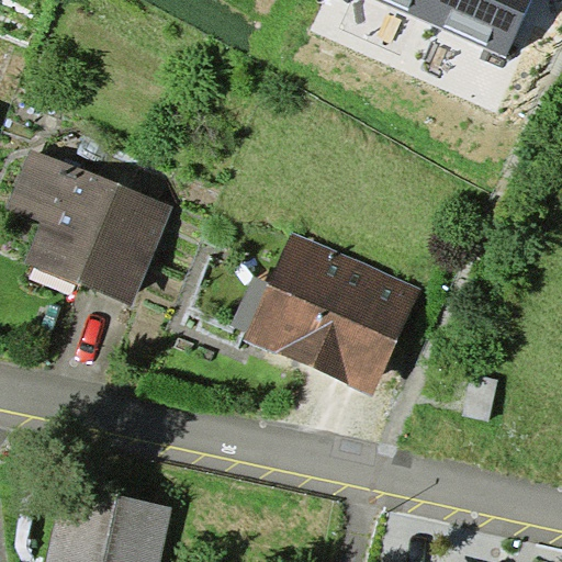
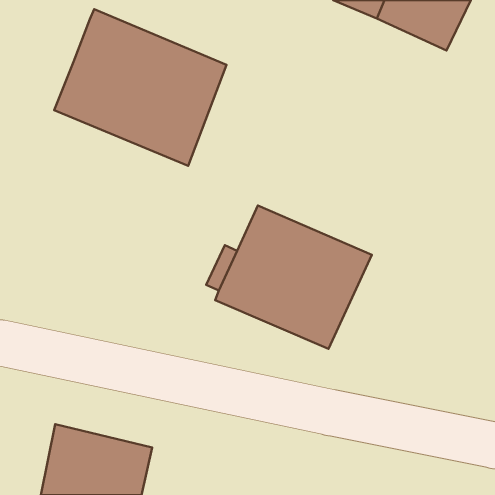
building: none -> [54,9,227,166]
building: [5,149,173,306] -> none

